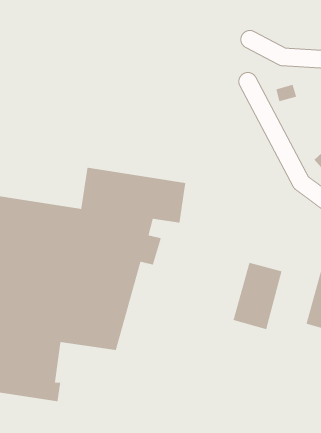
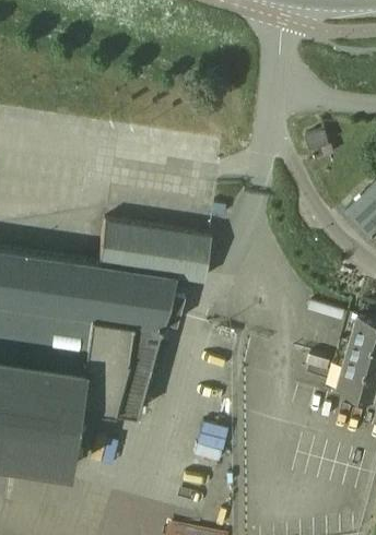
building: [233,262,282,330] -> none

